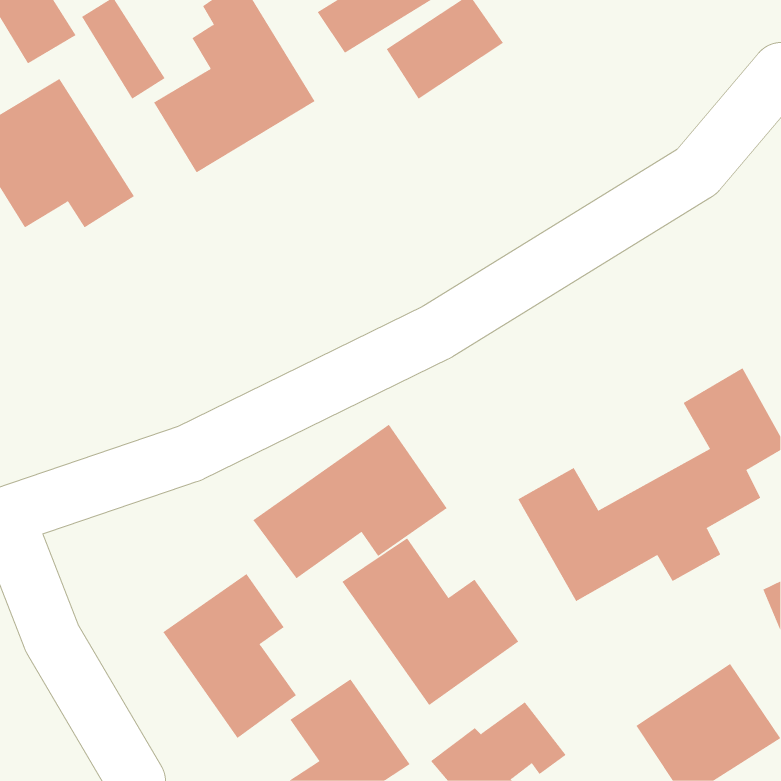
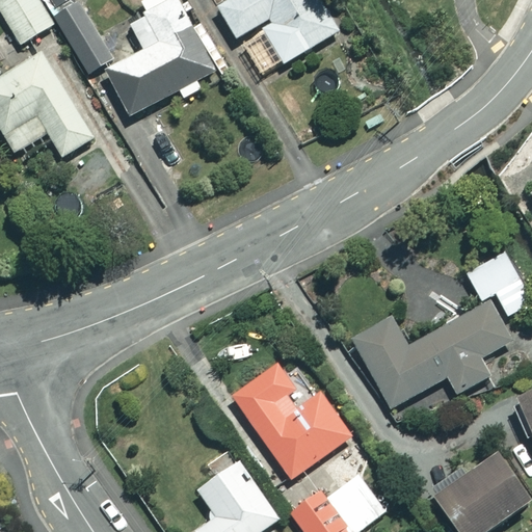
building: [253,424,448,579] -> none
building: [162,573,297,739] -> none

